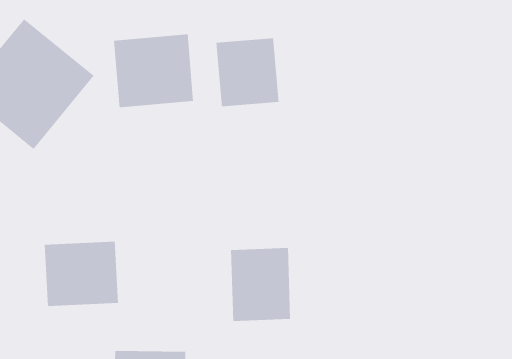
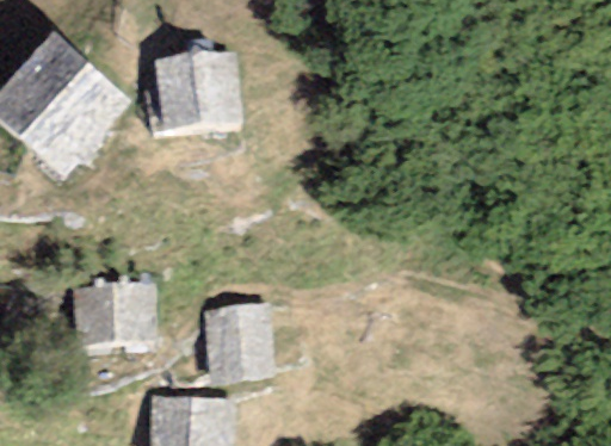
building: [216,38,279,107] -> none
building: [230,248,291,321] -> [204,302,270,382]

